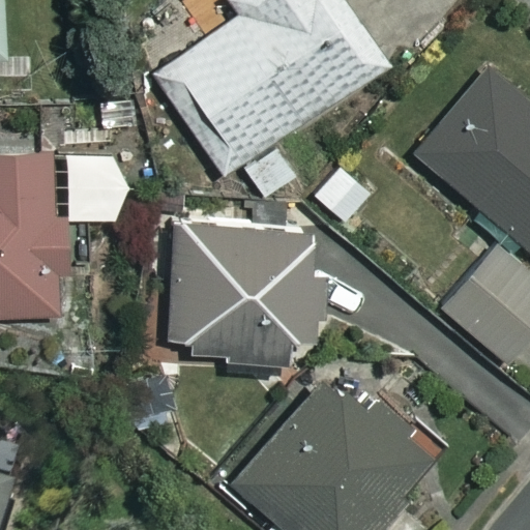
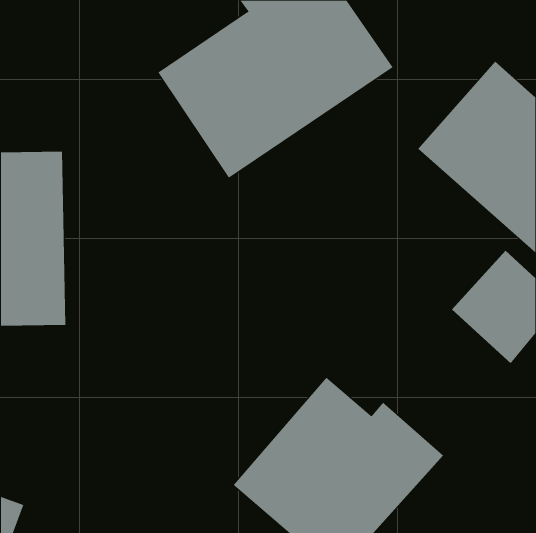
building: [170,220,347,366] -> none

